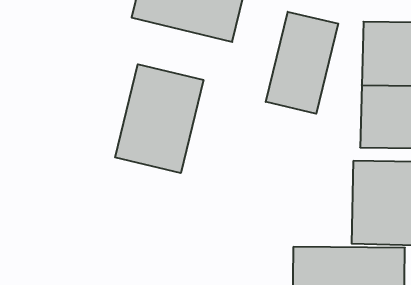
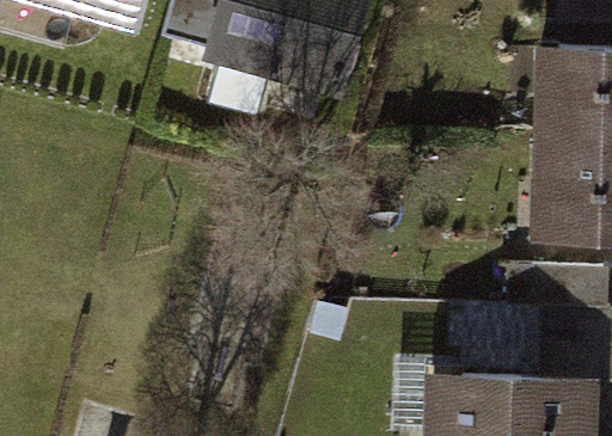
building: [266,12,338,114] -> none
building: [115,64,203,173] -> none

